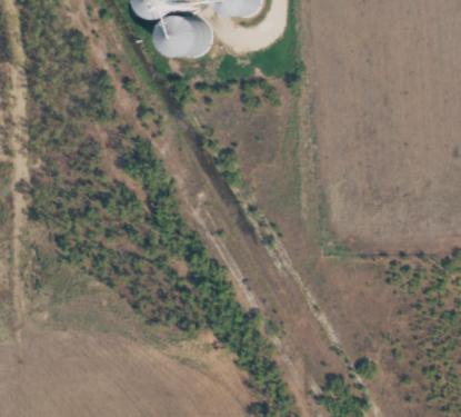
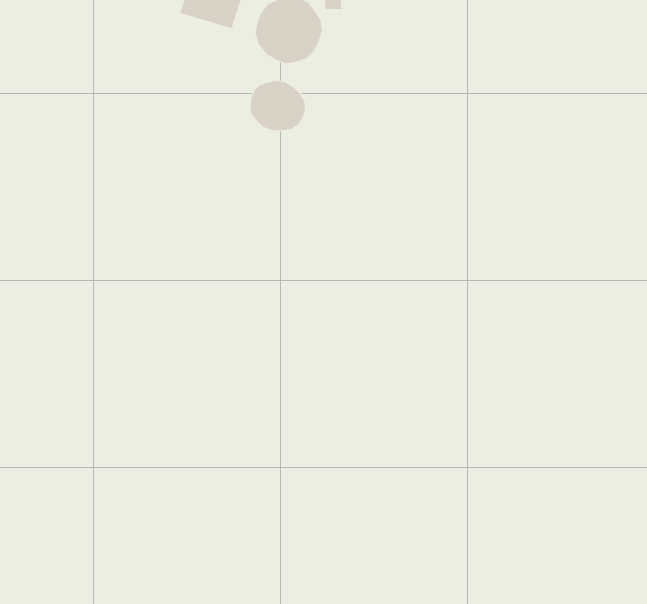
building: none -> [250,80,305,131]

